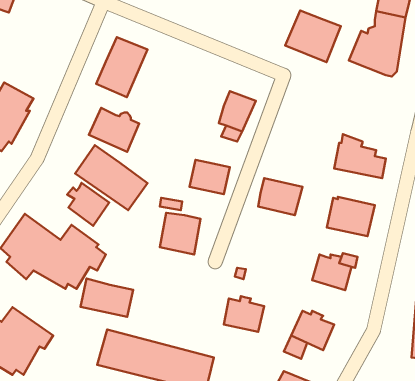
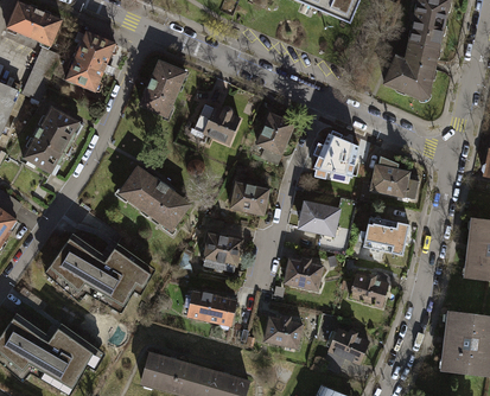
building: none -> [68,34,116,95]
building: [285,11,341,62] -> none
building: [89,108,139,152] -> [192,104,241,147]
building: none -> [313,133,358,175]
building: [67,183,109,226] -> none
building: none -> [281,255,323,290]
building: [80,279,133,317] -> [185,289,236,326]

